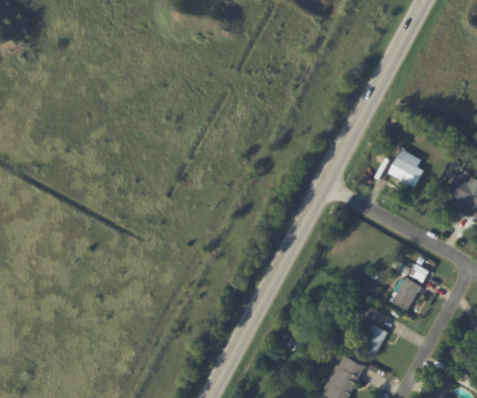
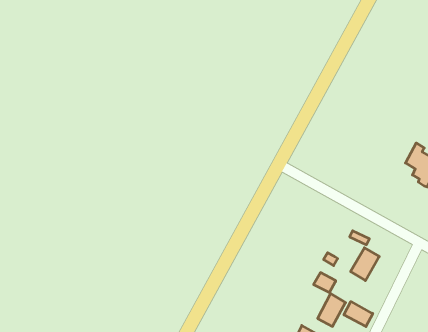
building: [389,155,424,187] -> none
building: none -> [344,302,373,327]

